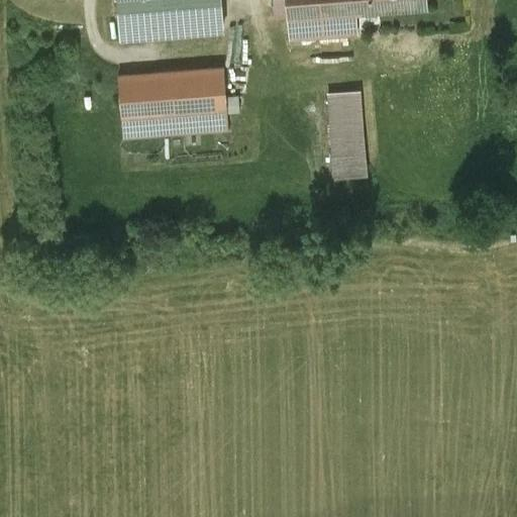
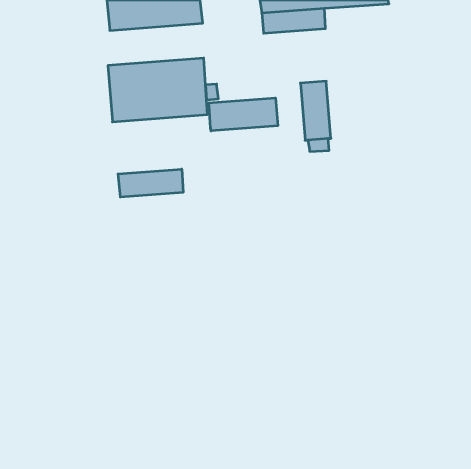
building: none -> [209,98,278,131]
building: none -> [118,169,183,197]

